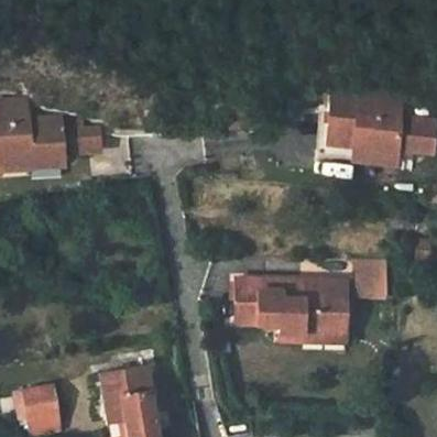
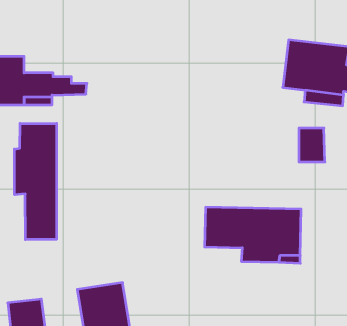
building: none -> [14,123,57,240]
building: [357,259,386,297] -> [299,128,325,162]

